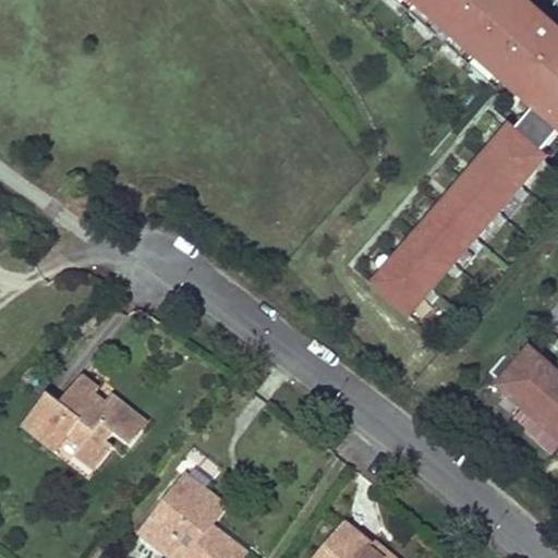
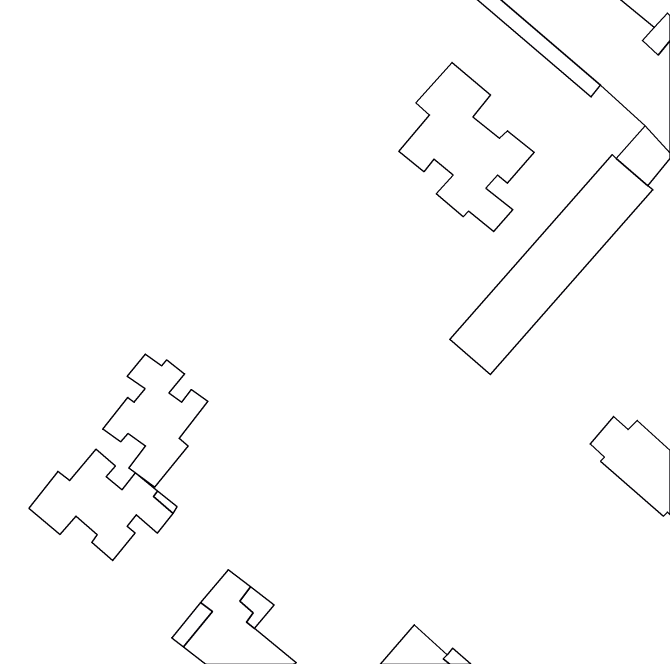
building: none -> [399,62,534,232]
building: none -> [103,354,208,487]

